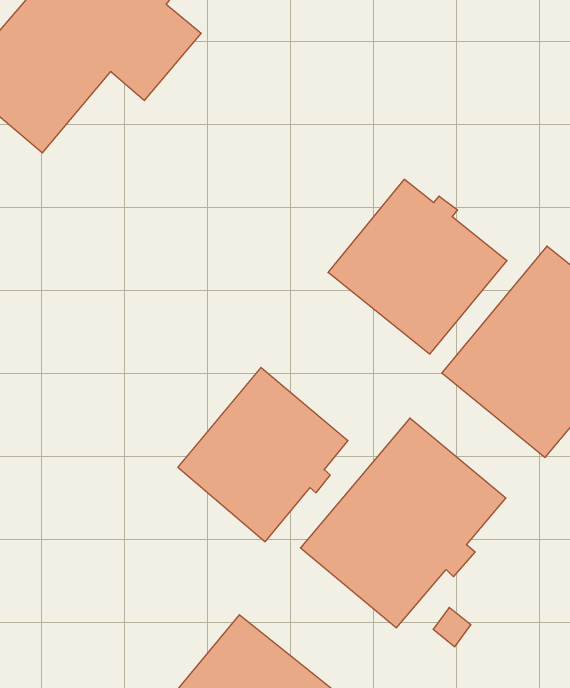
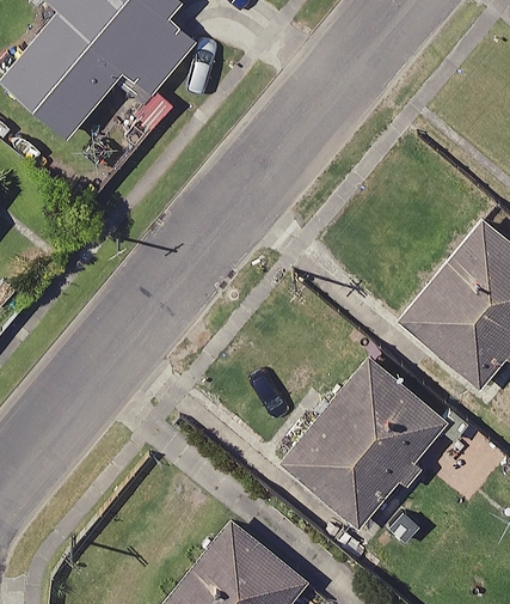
building: [328,179,507,354] -> none
building: [178,367,348,542] -> none

